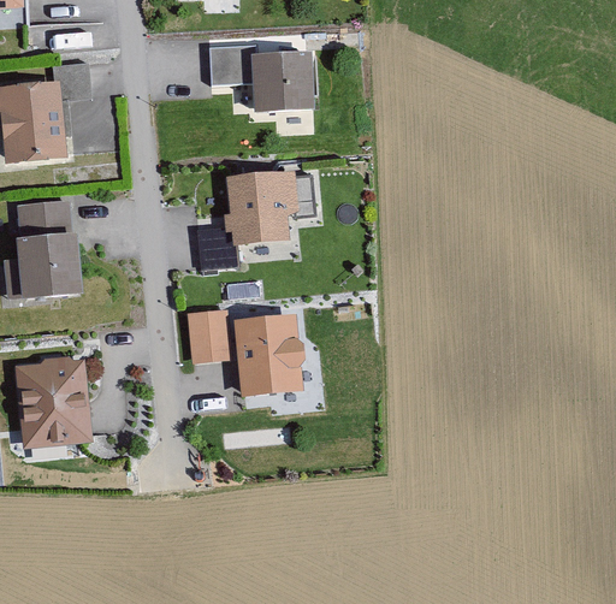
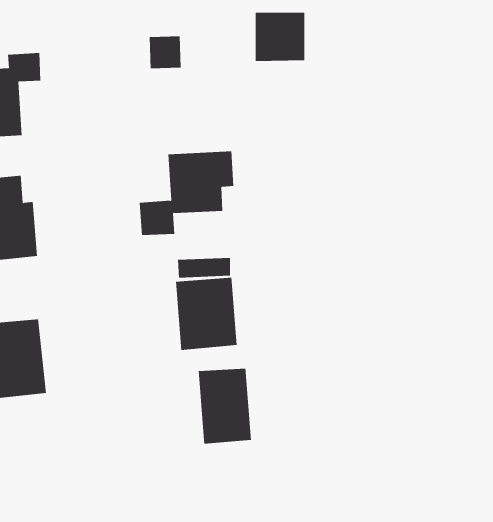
building: [254,57,309,111] -> [255,12,305,61]
building: [184,308,226,362] -> none
building: none -> [198,368,252,444]

